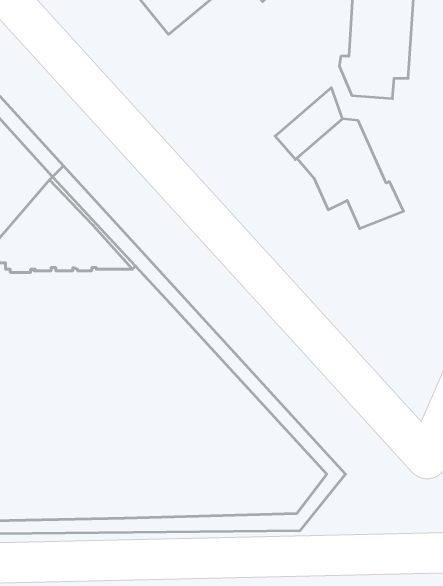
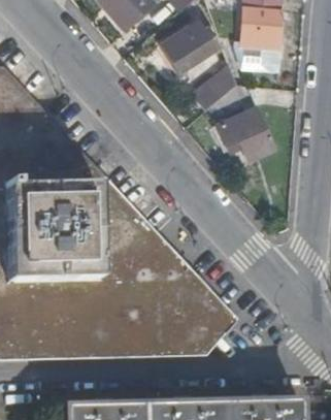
building: none -> [161,23,218,72]

